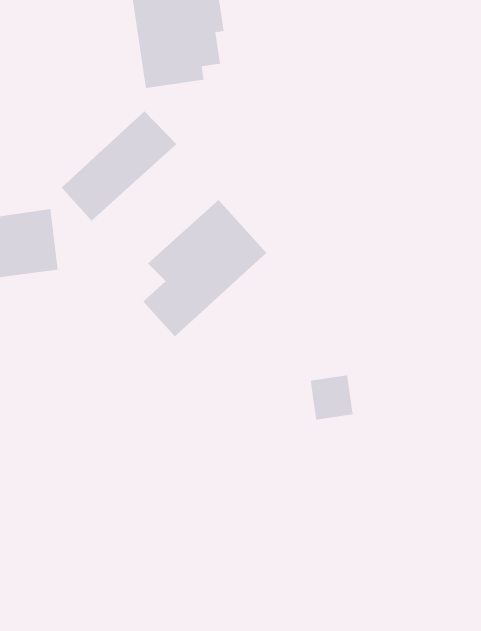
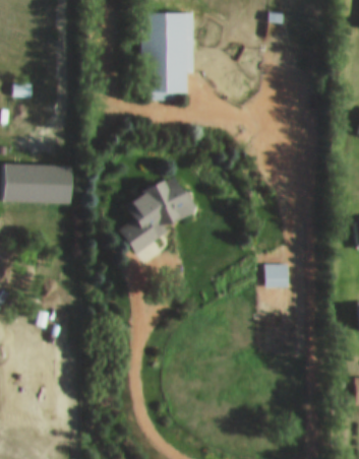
building: [61,110,177,222] -> none
building: [310,375,354,420] -> [265,264,289,288]

